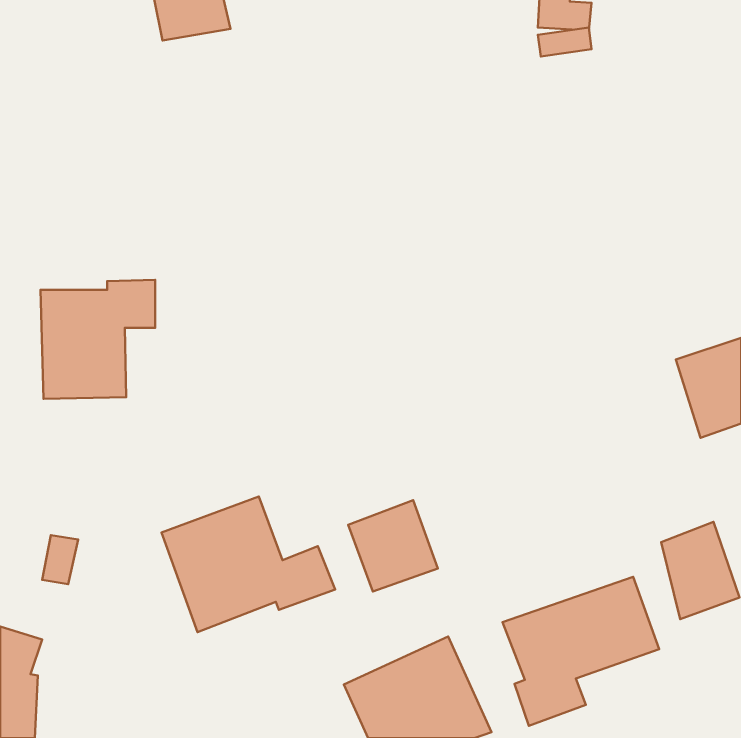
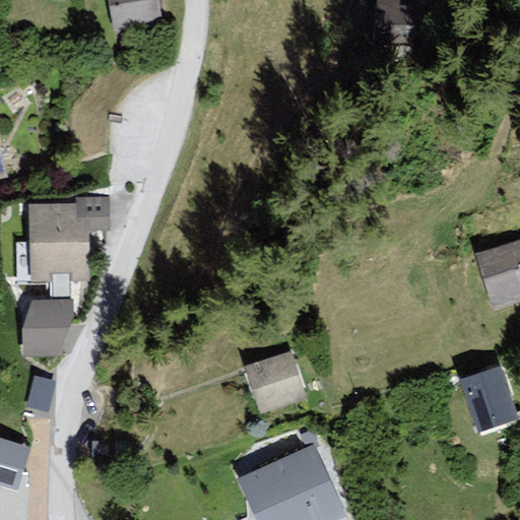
building: none -> [22,300,73,356]
building: [162,496,335,632] -> none
building: [503,577,659,726] -> none

